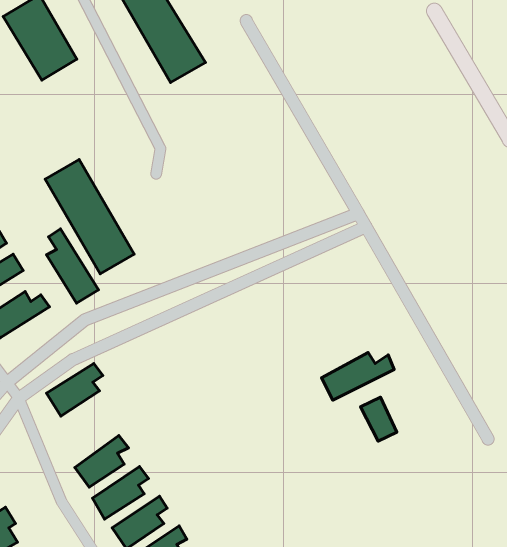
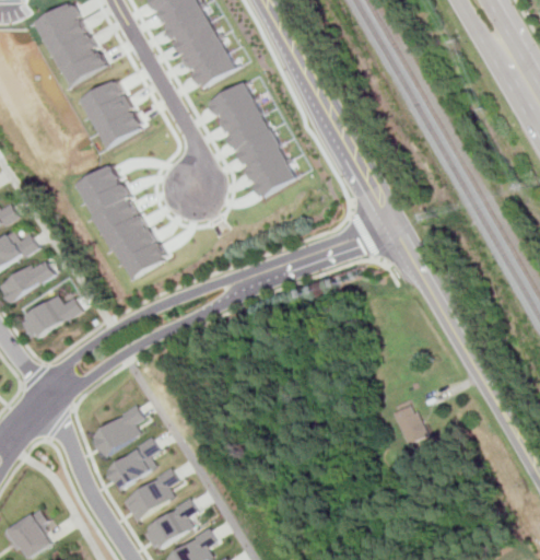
building: none -> [79,80,141,148]
building: none -> [207,82,296,199]
building: [47,229,99,303] -> none
building: [322,352,394,400] -> none
building: [47,363,103,416] -> [87,406,143,458]

